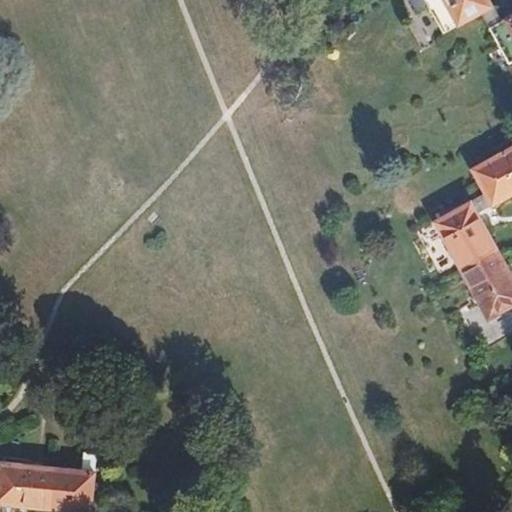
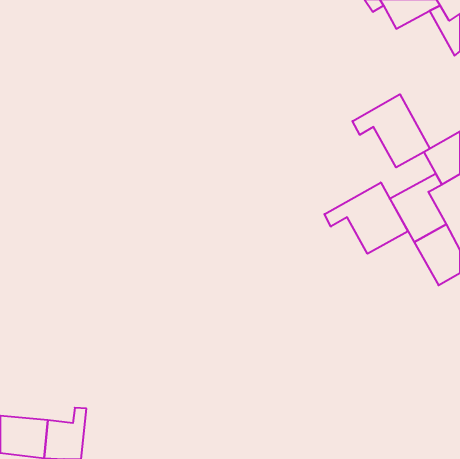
building: none -> [352,94,430,167]
building: none -> [324,182,408,254]

